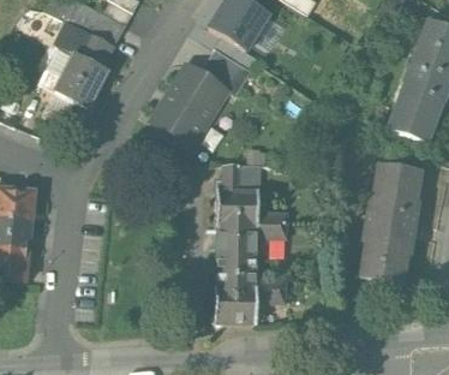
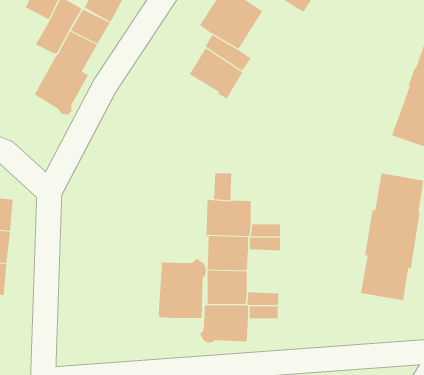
building: [152,64,227,145] -> none
building: none -> [158,258,207,319]

